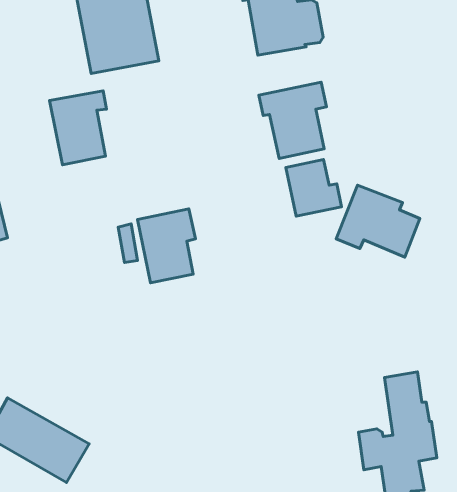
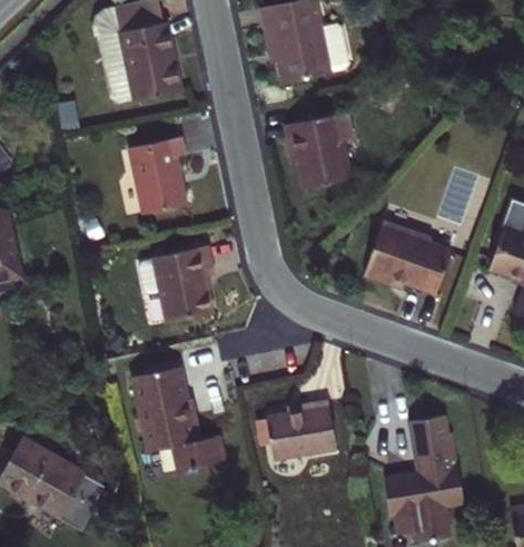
building: [50,91,107,165] -> [125,138,184,215]
building: [286,160,341,216] -> none
building: none -> [136,363,224,468]
building: none -> [263,402,333,462]

